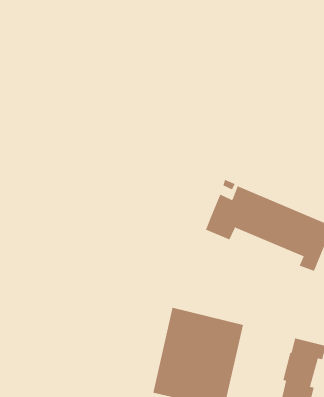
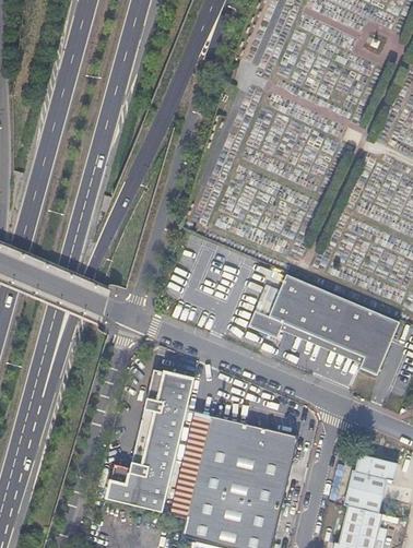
building: none -> [106,377,196,514]

